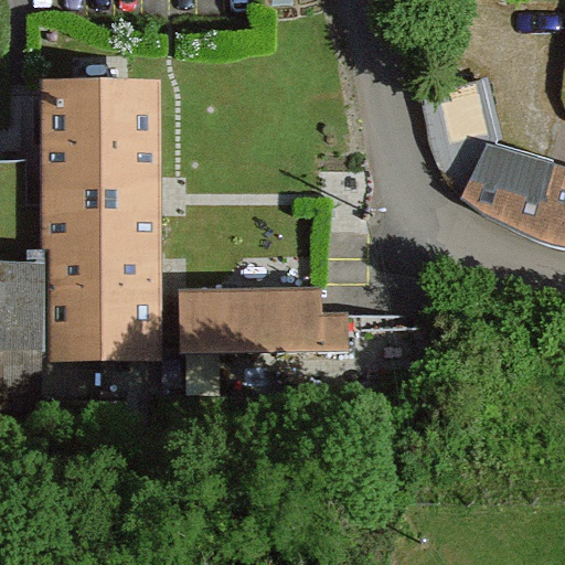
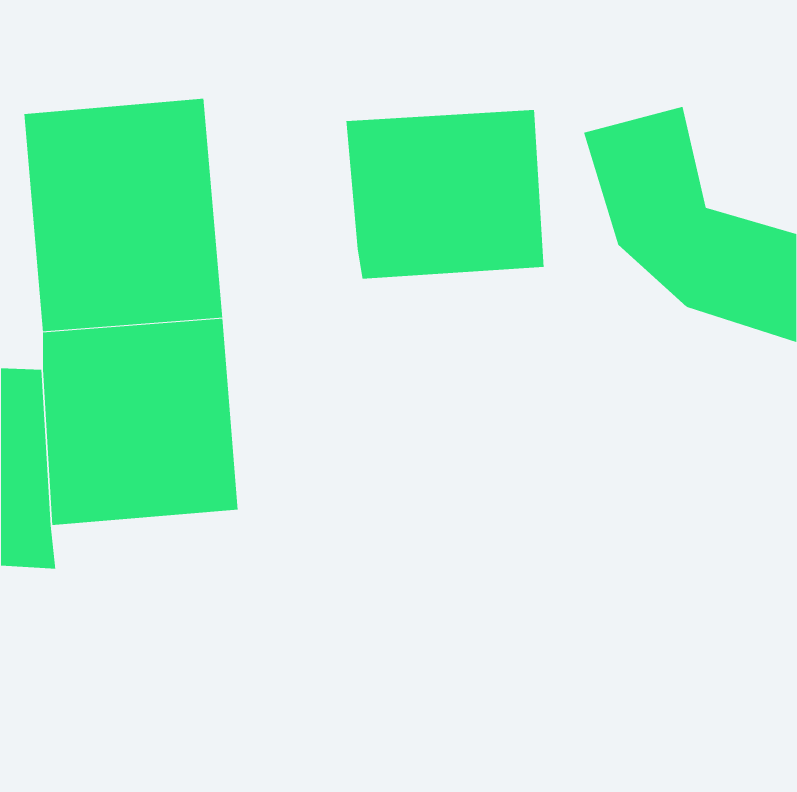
building: none -> [346,109,544,279]
building: [174,281,358,359] -> none

